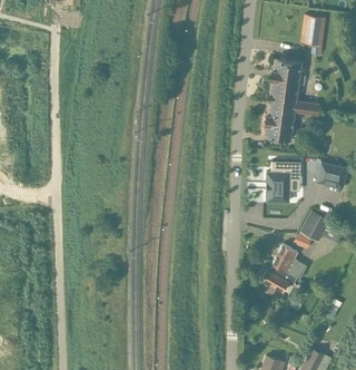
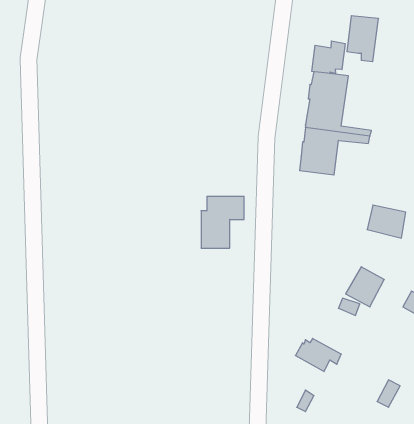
building: none -> [312,41,345,74]
building: [267,163,300,203] -> [201,196,244,248]
building: [271,244,306,280] -> none

